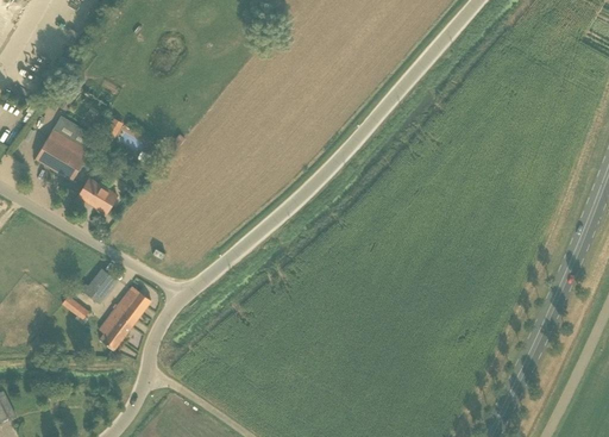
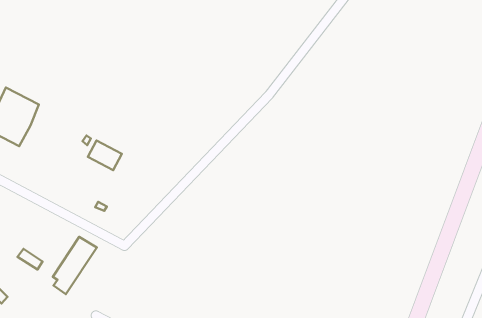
building: [77,177,115,212] -> [88,140,122,170]
building: [81,268,114,302] -> none

